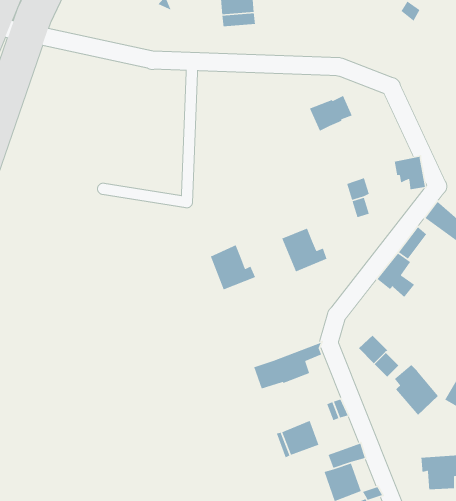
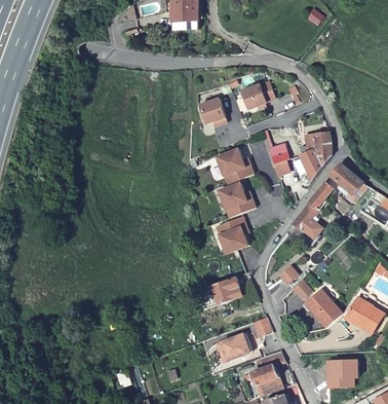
building: none -> [198,100,227,125]
building: none -> [300,147,331,176]
building: none -> [217,150,253,185]
building: [210,244,256,291] -> [217,219,253,255]

